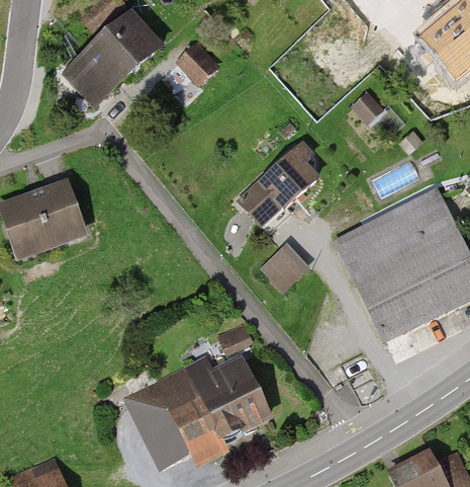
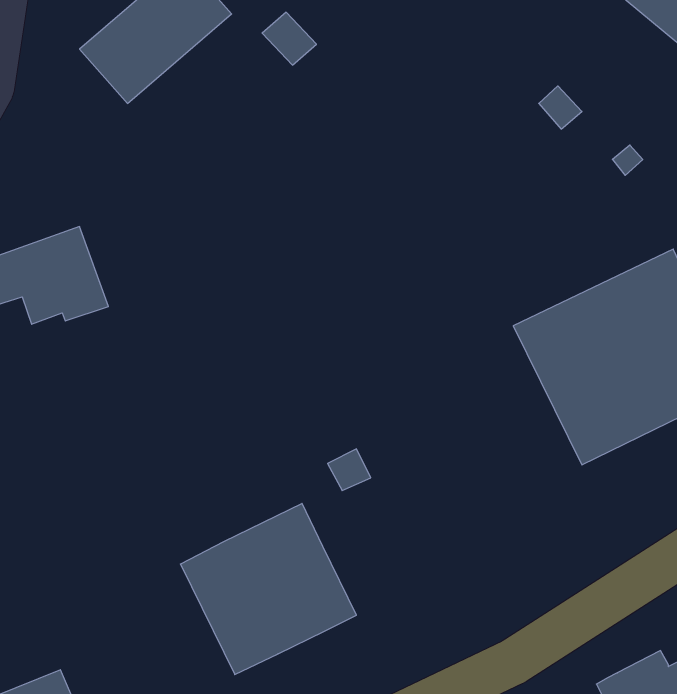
building: [241,143,316,230] -> none
building: [263,249,302,289] -> none
building: [218,358,269,428] -> none

